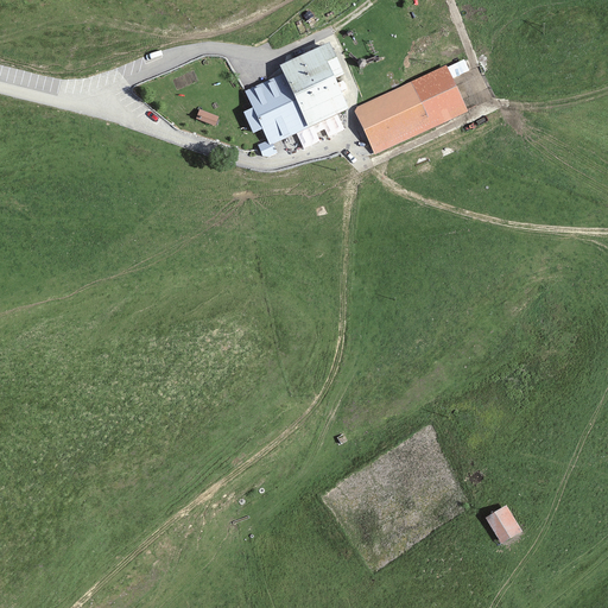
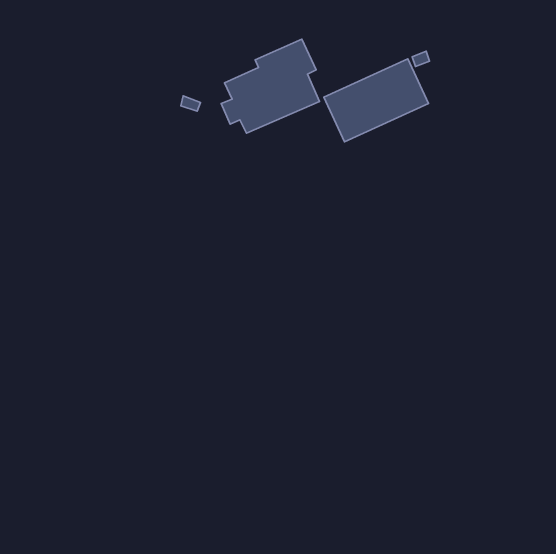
building: [484,504,522,544] -> none

